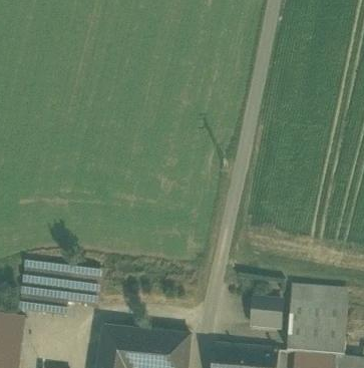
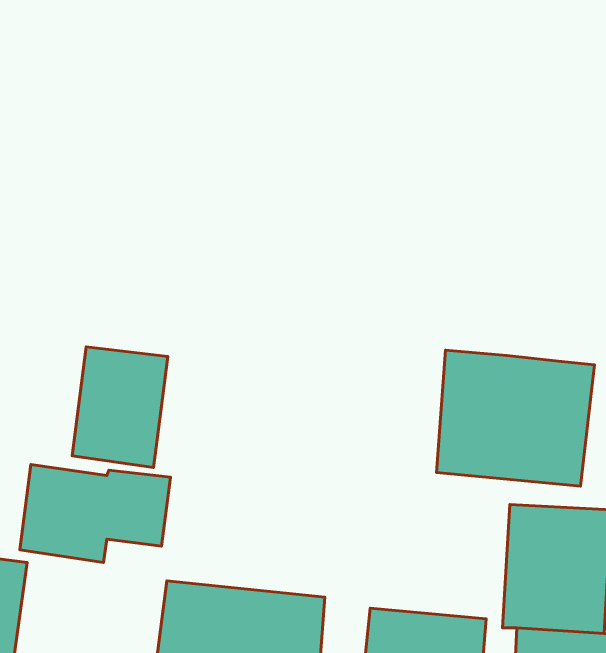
building: none -> [72,347,168,468]
building: none -> [436,350,594,486]
building: [250,295,285,330] -> none

